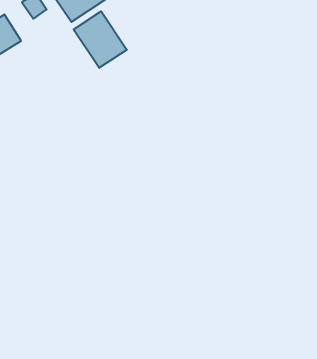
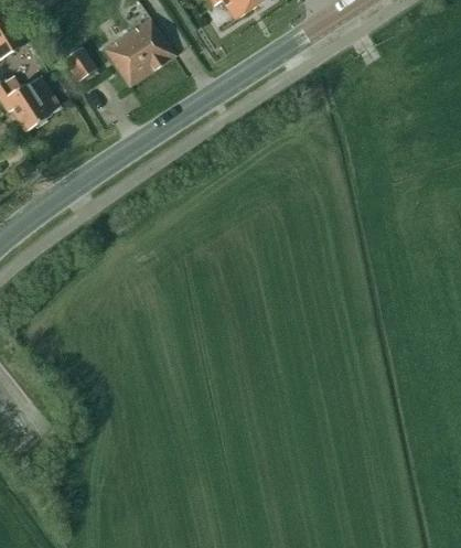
building: [74,11,127,68] -> none

